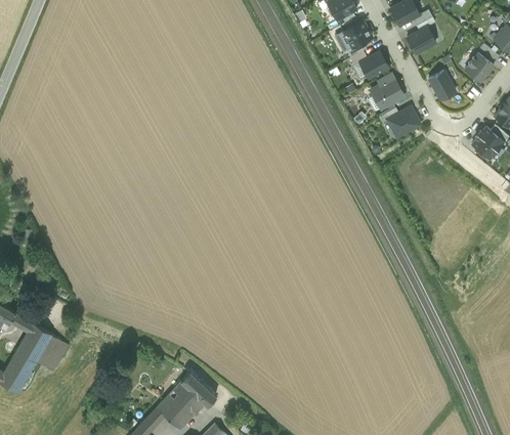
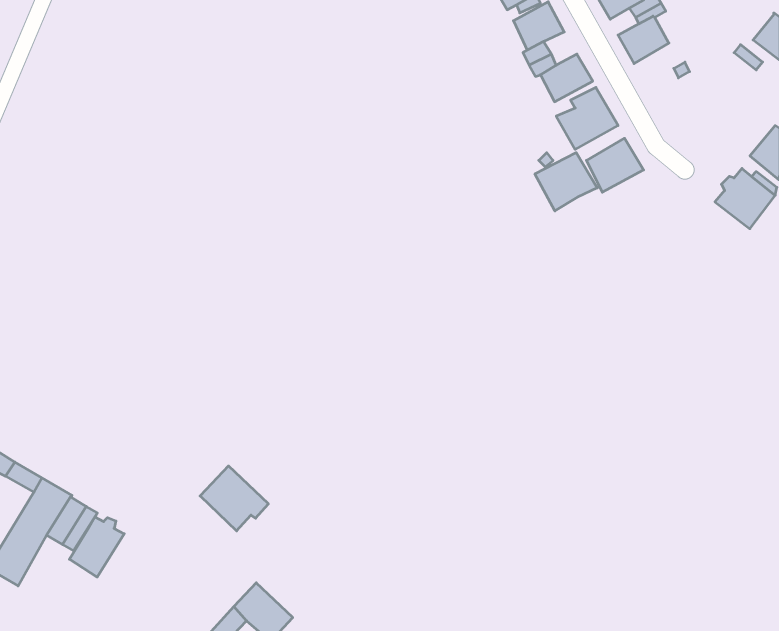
building: [463,52,494,83] -> none
building: [427,70,457,101] -> none
building: none -> [535,153,597,211]
building: none -> [69,517,124,577]
building: [171,372,215,414] -> [200,466,268,531]

